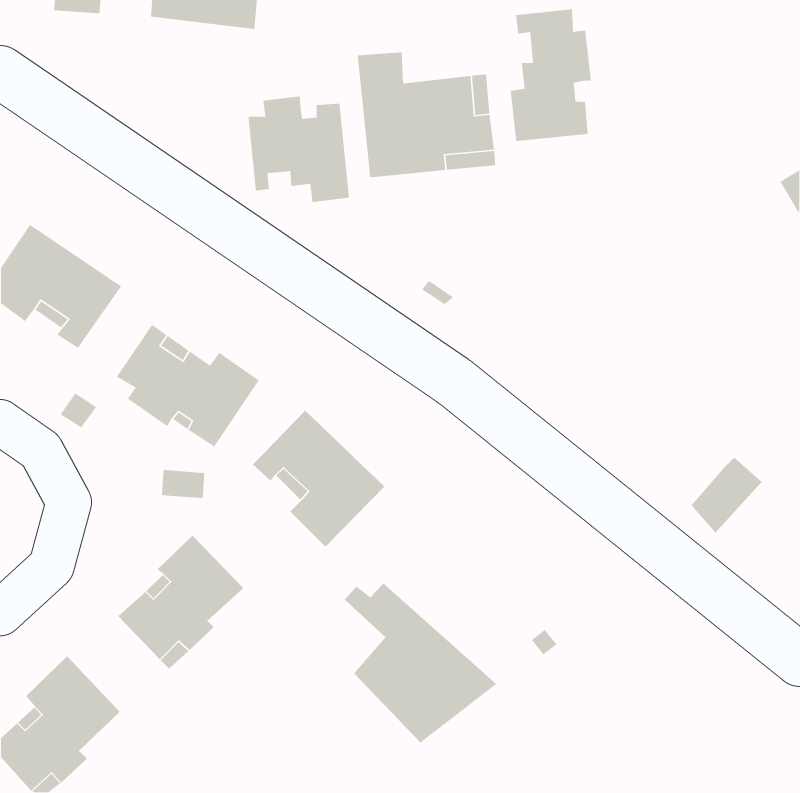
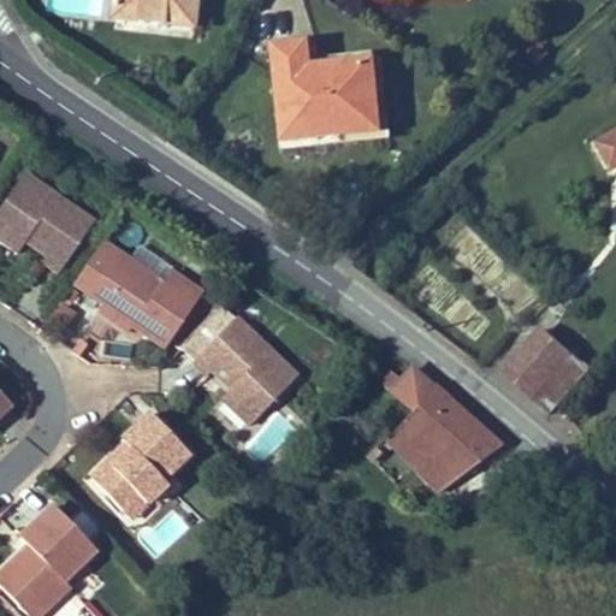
building: [510,9,592,142] -> none
building: [248,96,350,203] -> none
building: none -> [505,327,567,390]
building: [344,582,497,743] -> [381,365,499,488]

